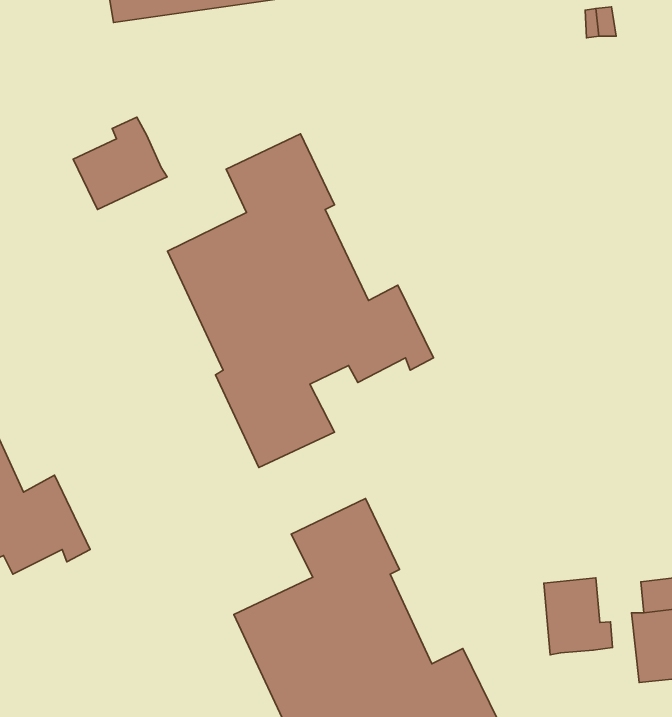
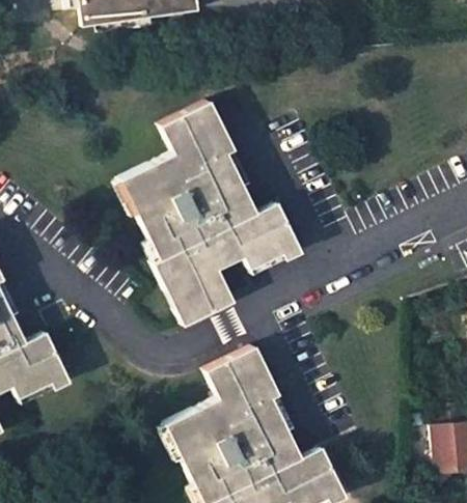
building: [73,117,167,209] -> none
building: [544,578,612,655] -> none

